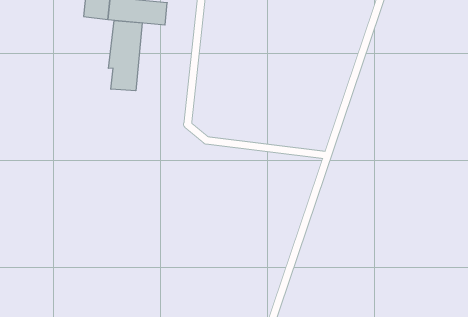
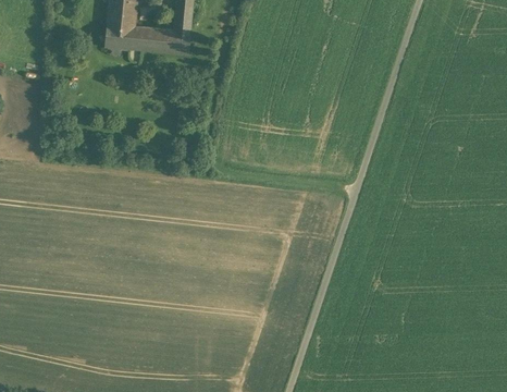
building: [109,21,142,91] -> none

